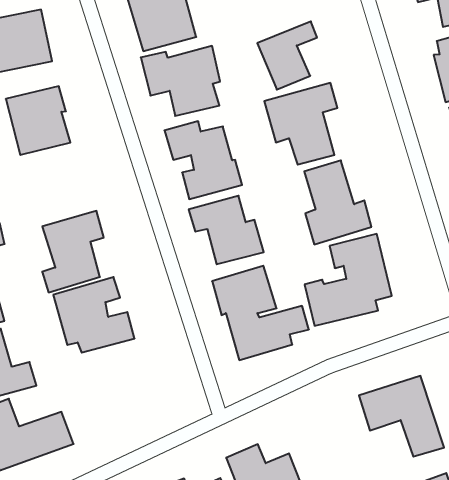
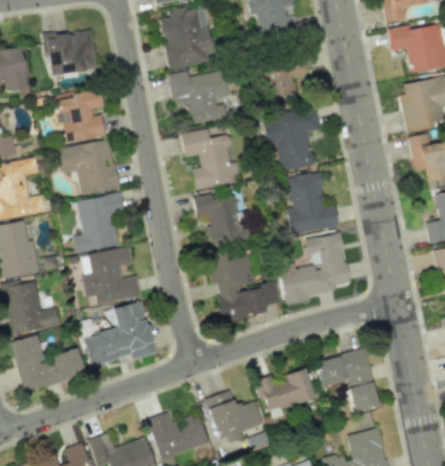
building: none -> [59,139,119,194]
building: none -> [84,299,156,365]
building: none -> [258,369,314,412]

